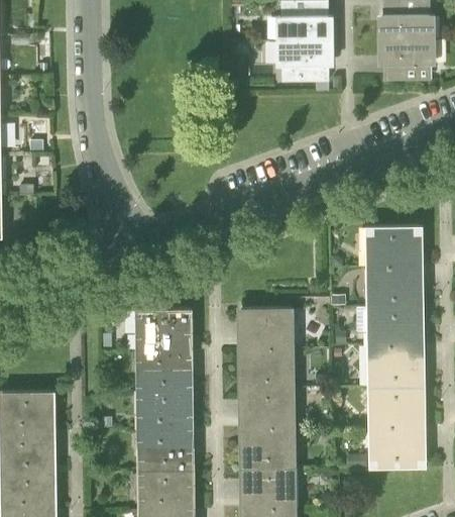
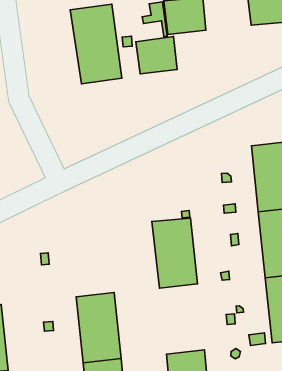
building: none -> [70,4,122,84]
building: none -> [136,36,177,74]
building: [140,309,189,391] -> none
building: [244,389,292,471] -> none

